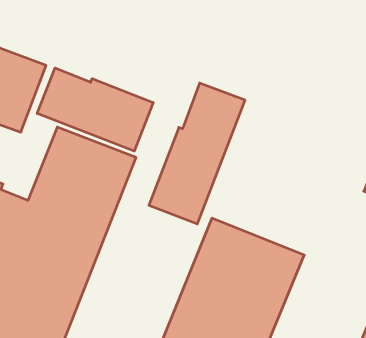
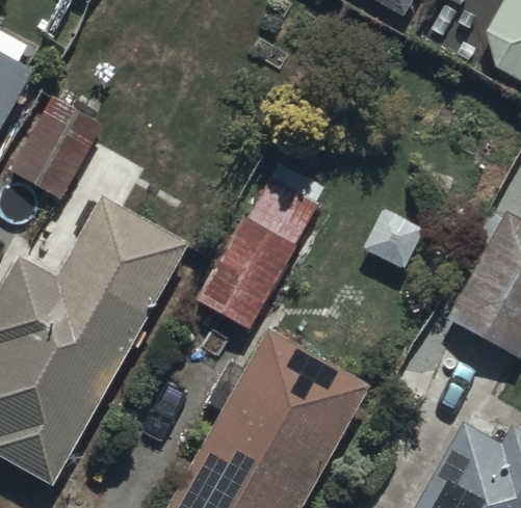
building: [37,68,153,151] -> none

